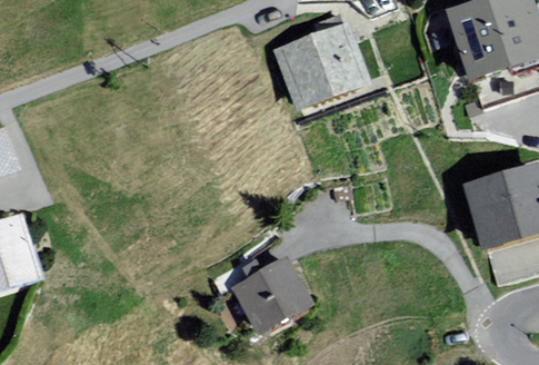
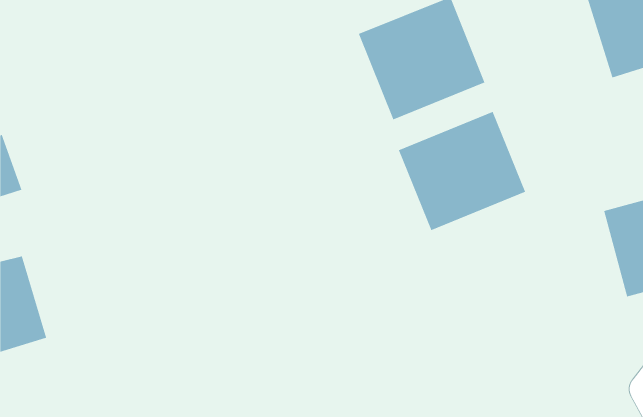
building: none -> [398,111,526,231]
building: [233,255,316,336] -> none

